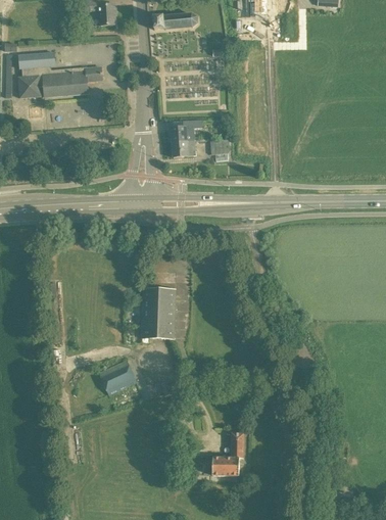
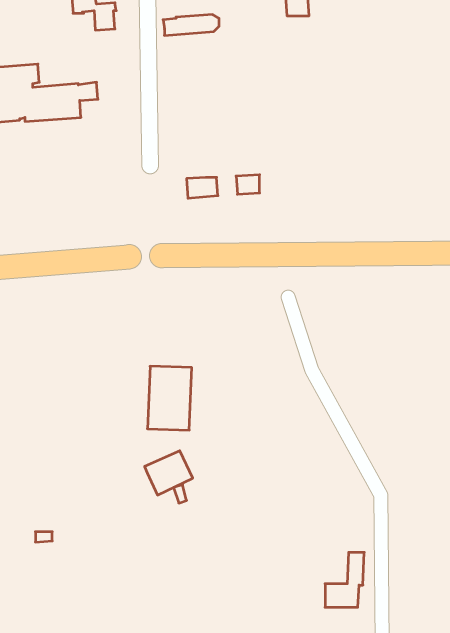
building: [172,120,198,141] -> none
building: [99,360,137,394] -> [145,451,193,495]
building: [214,432,245,475] -> [325,552,364,607]

